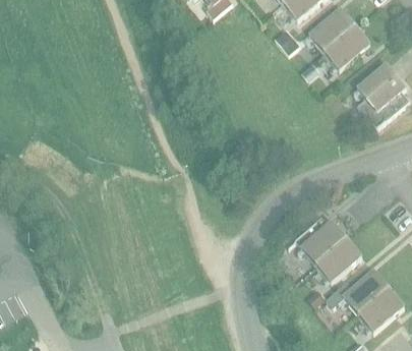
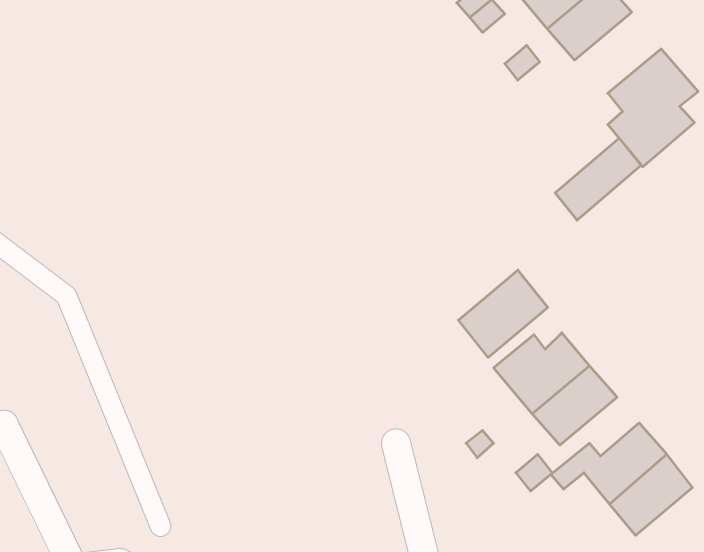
building: none -> [555,138,641,220]
building: none -> [458,270,548,357]

